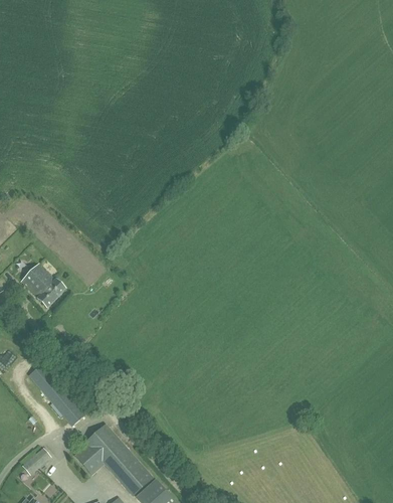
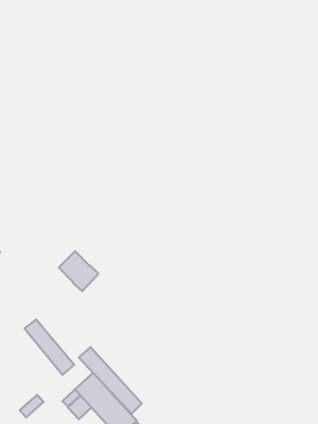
building: [20,263,64,307] -> [59,251,99,291]
building: none -> [79,347,142,414]

